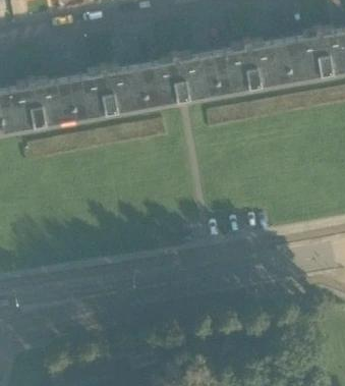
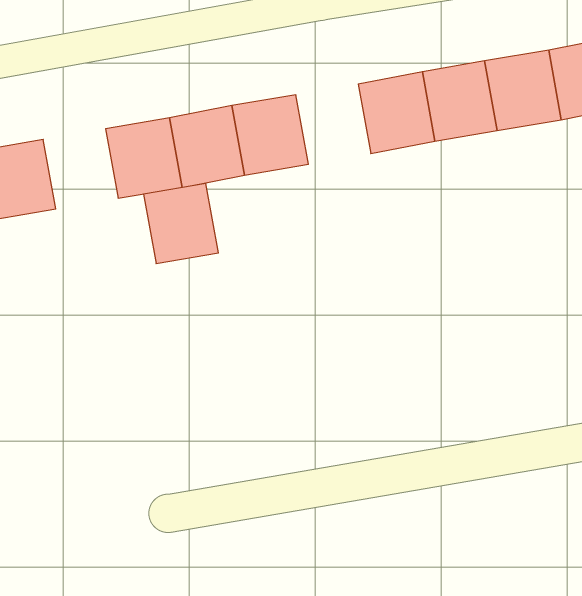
building: [175,55,218,101] -> none
building: [31,80,73,126] -> [144,183,218,264]

